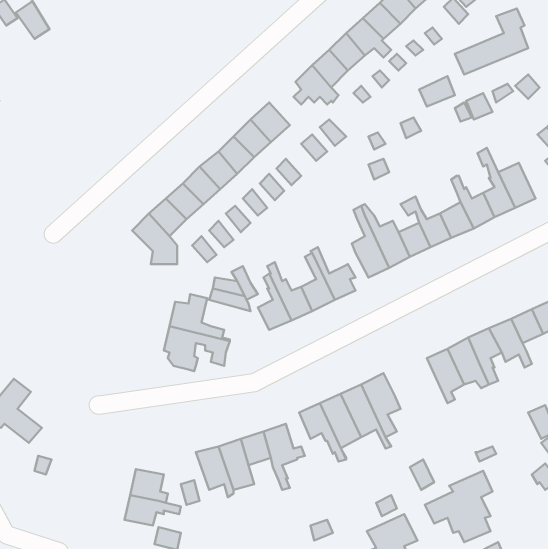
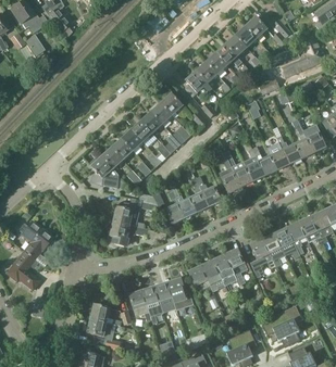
building: none -> [20,220,52,260]
building: none -> [249,240,274,277]

